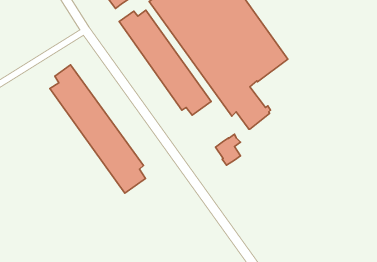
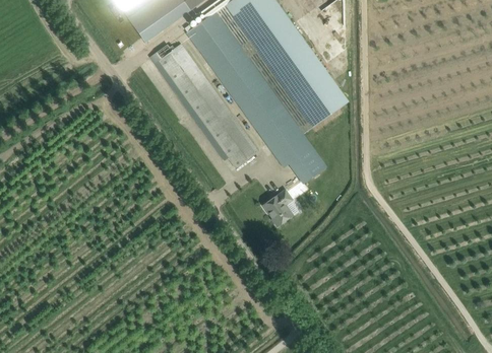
building: [50,65,146,193] -> none

